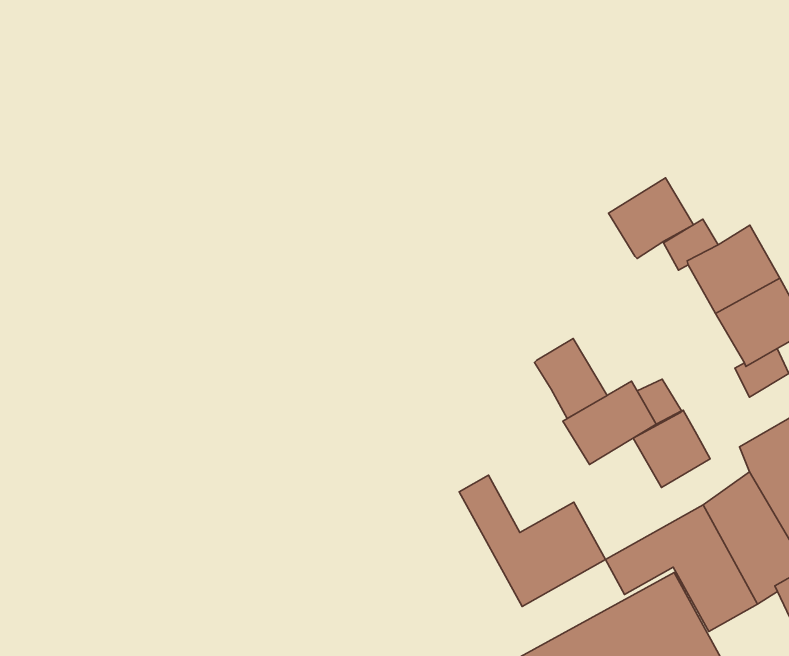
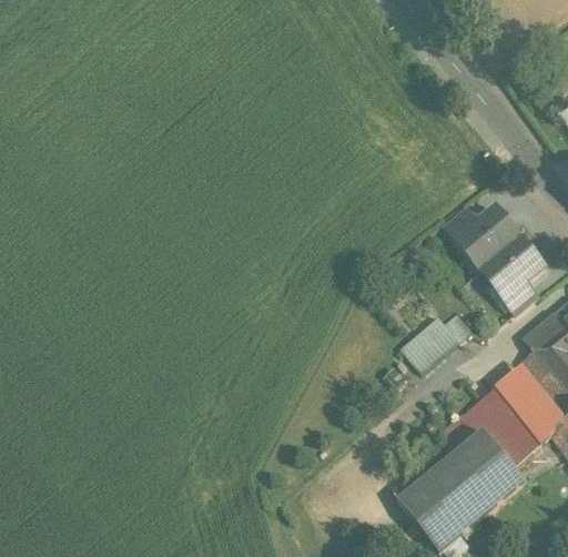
building: [609,178,694,259] -> none
building: [535,339,607,419] -> none
building: [633,410,710,487] -> none
building: [459,475,605,607] -> none

